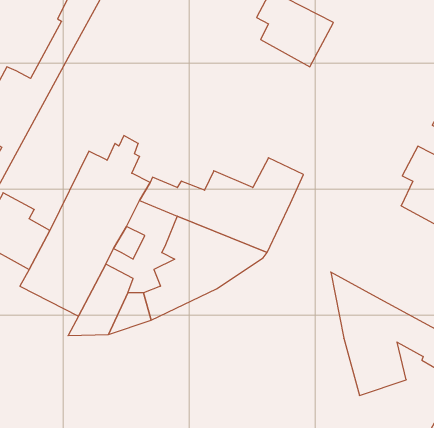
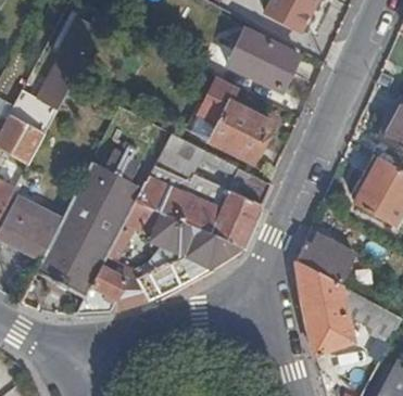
building: none -> [191,76,272,158]
building: none -> [155,132,206,178]
building: none -> [123,203,165,240]
building: none -> [293,241,349,285]

